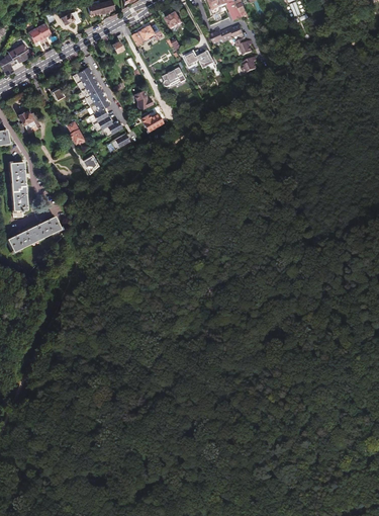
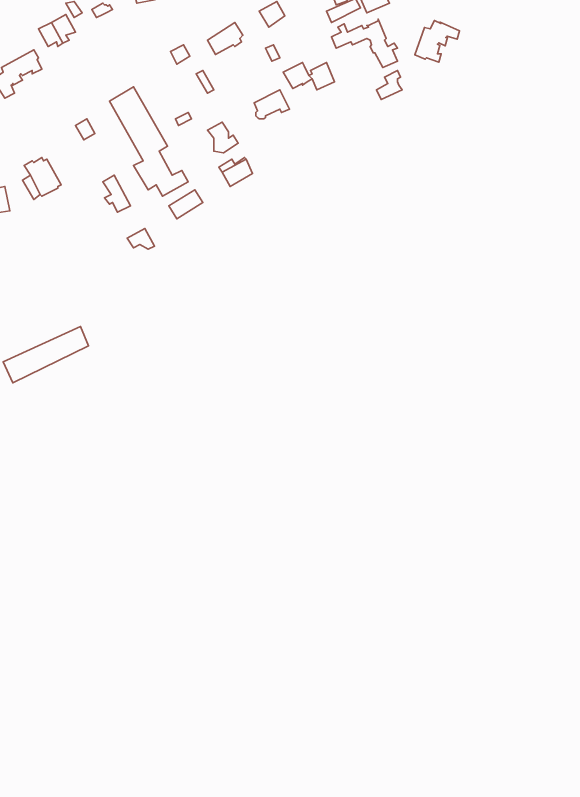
building: none -> [415,21,459,62]
building: [11,172,28,218] -> none

